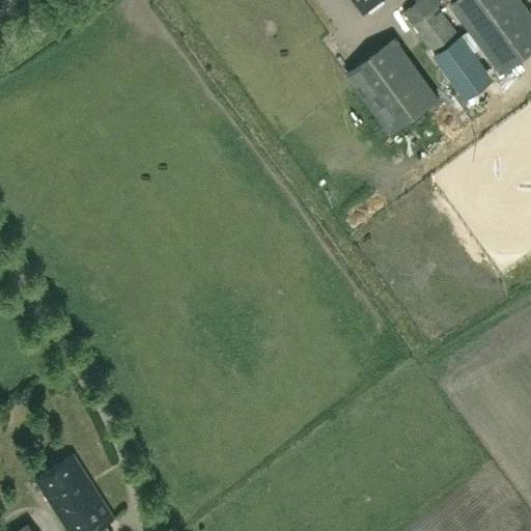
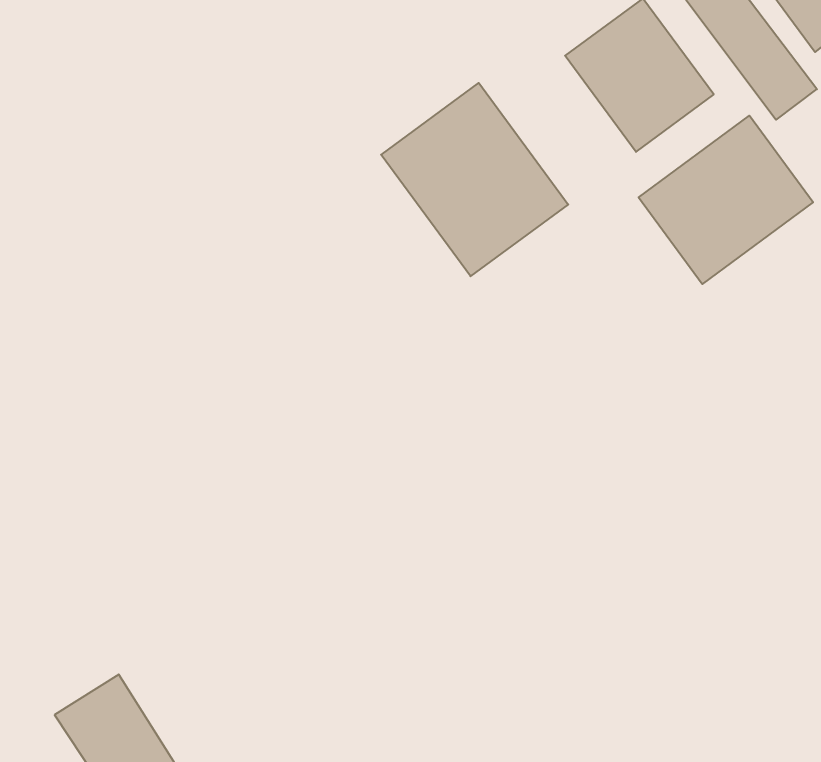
building: none -> [381,83,568,276]
building: none -> [639,116,813,284]

